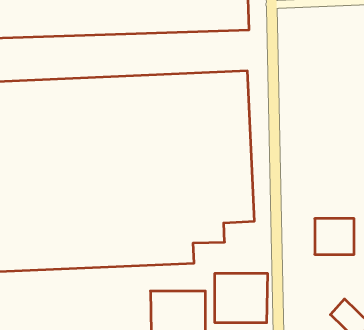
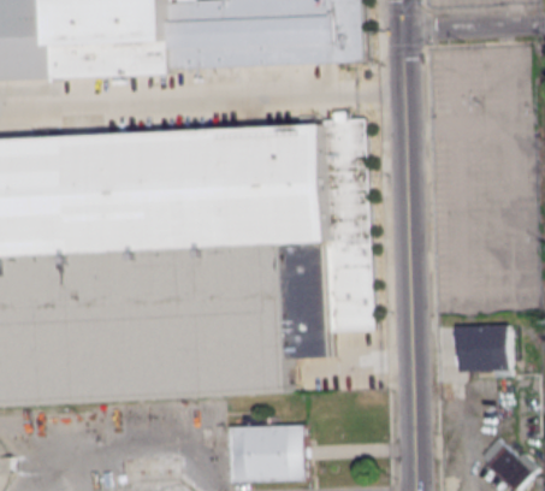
building: [215,273,267,323] -> none

